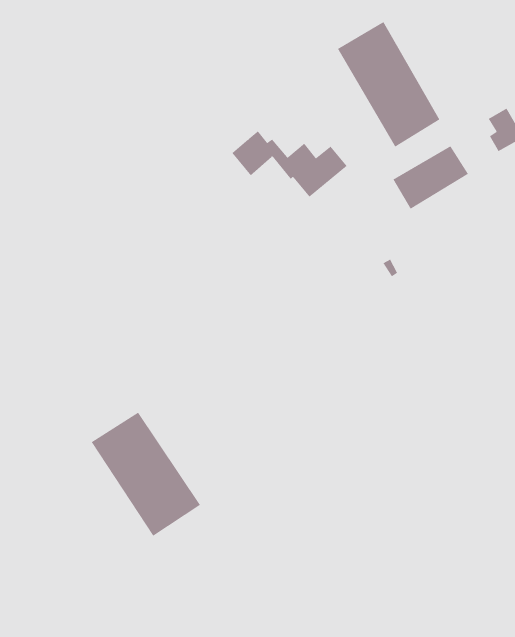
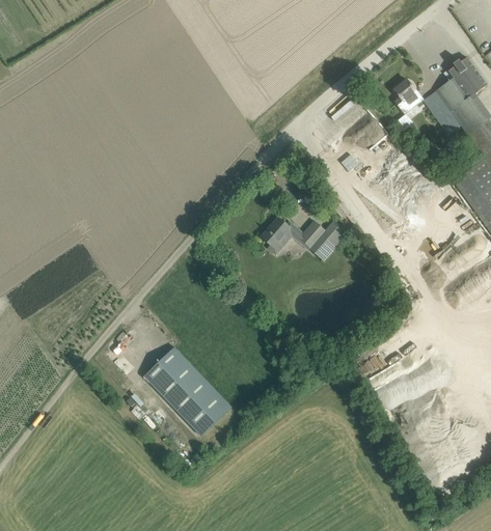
building: [337,21,440,147] -> none
building: [232,131,347,198] -> [262,218,348,260]

